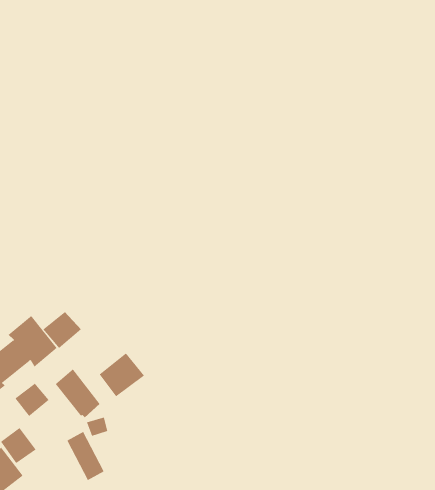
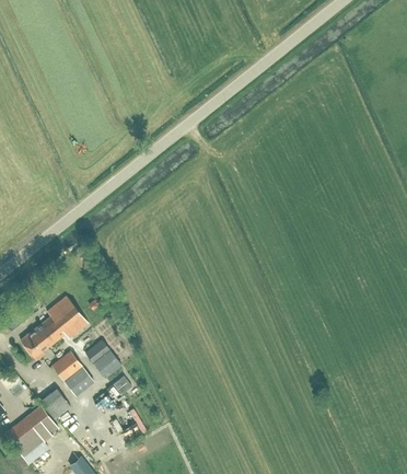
building: [43,311,82,349] -> none
building: [99,352,145,397] -> none
building: none -> [65,366,94,394]

